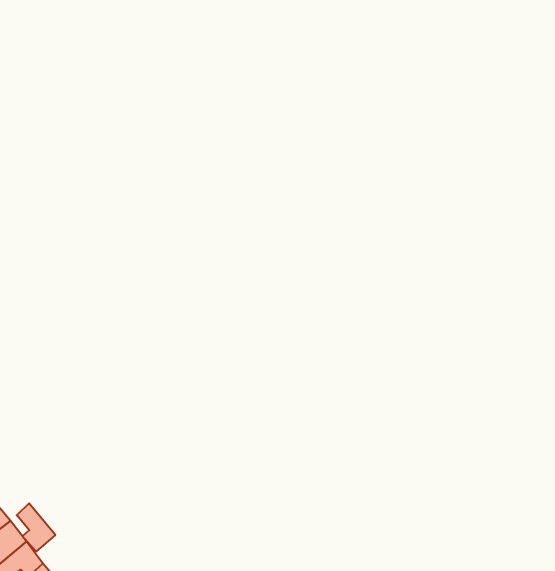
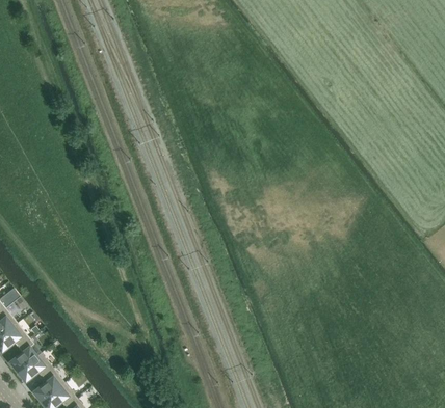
building: [17,503,55,551] -> none

